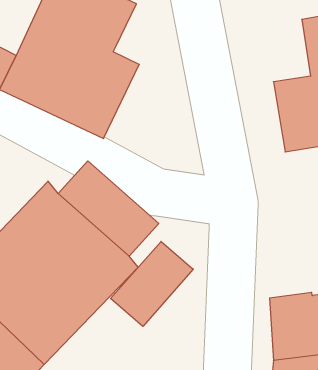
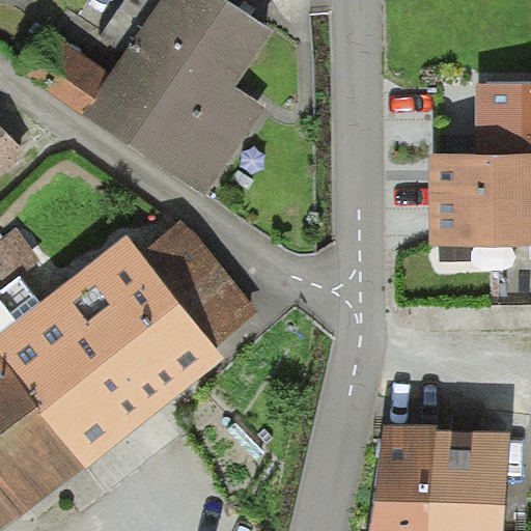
building: [111,241,193,326] -> none

